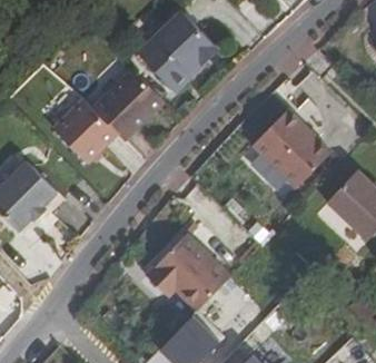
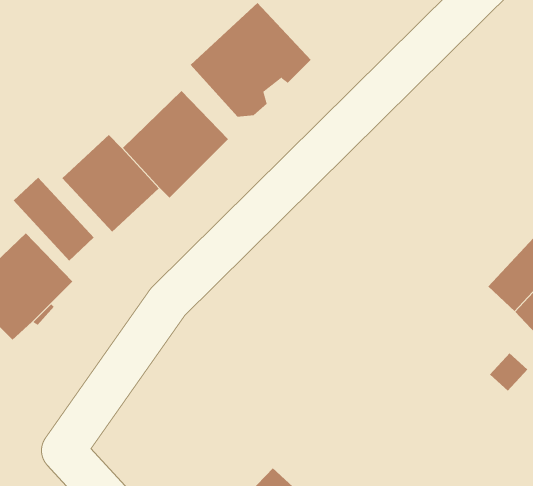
building: [250,109,330,188] -> none
building: none -> [13,177,94,261]
building: [139,234,226,318] -> none

